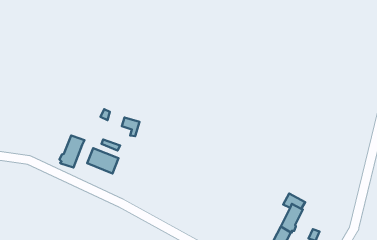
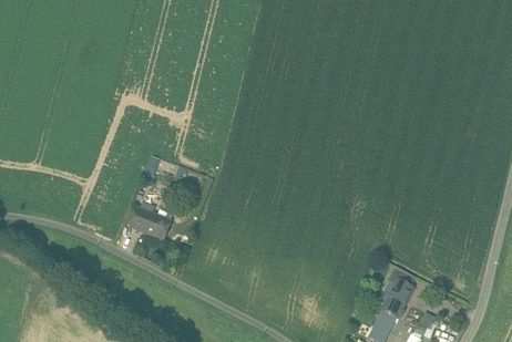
building: [60,135,84,168] -> none

